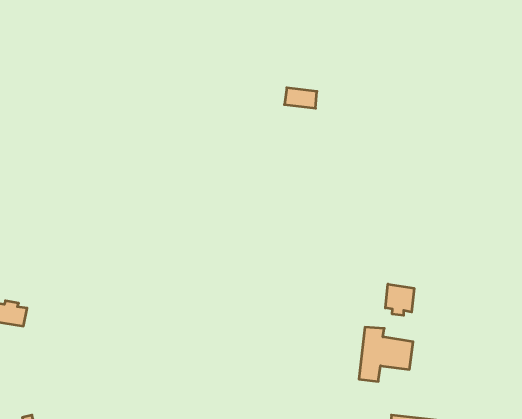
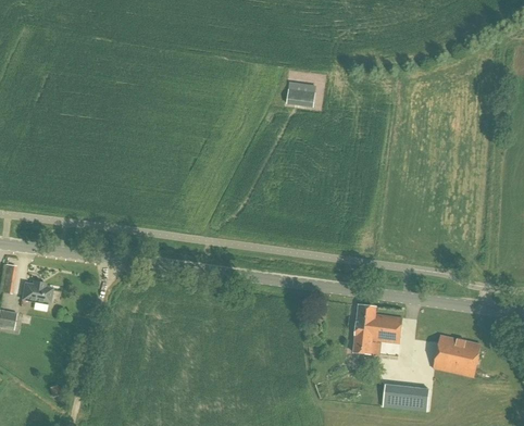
building: [385,284,414,315] -> none
building: none -> [432,335,481,376]

